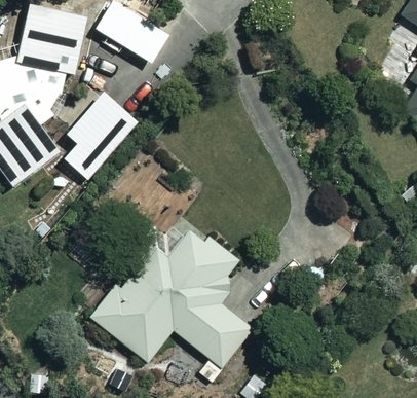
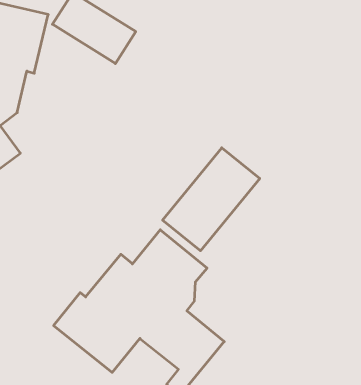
building: [62,89,139,180] -> none
building: none -> [163,148,260,251]

